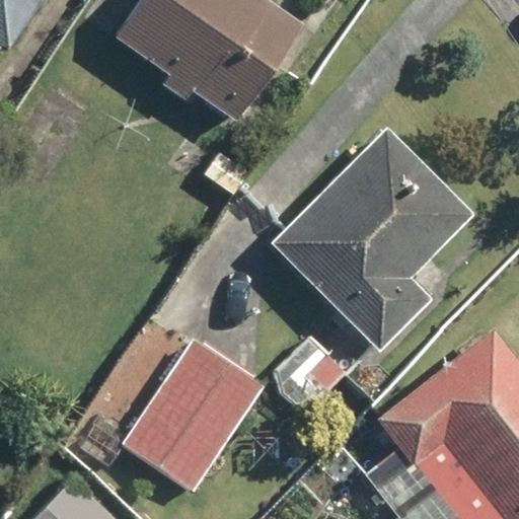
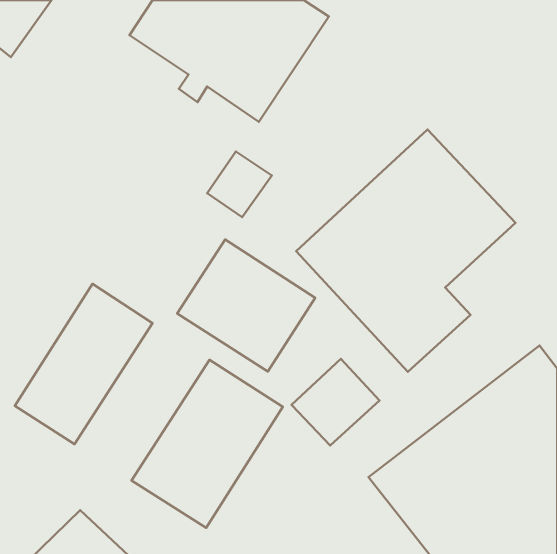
building: none -> [177,239,315,371]
building: none -> [15,284,153,444]

